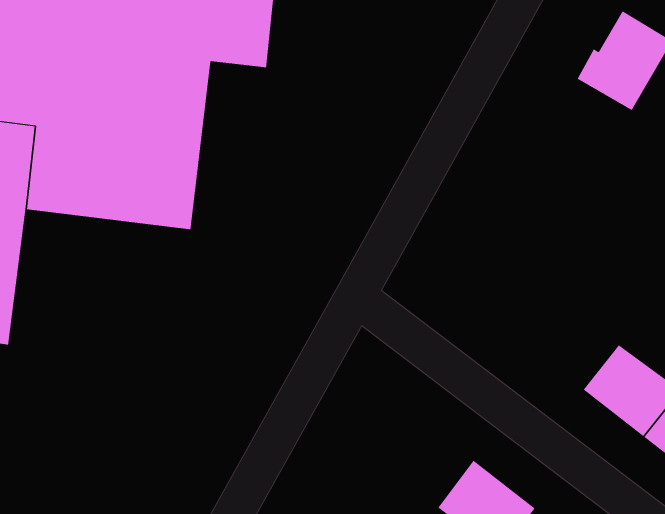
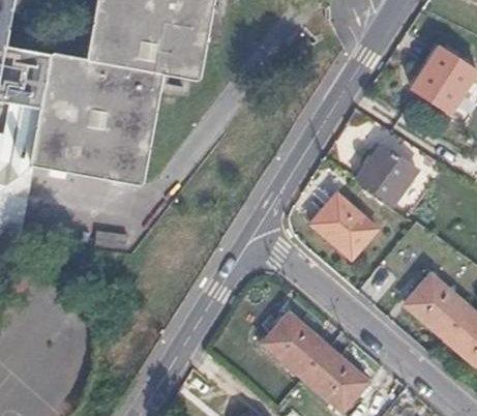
building: none -> [355,145,418,206]
building: none -> [309,192,377,258]
building: none -> [263,314,328,378]

